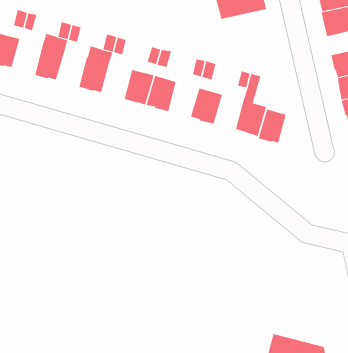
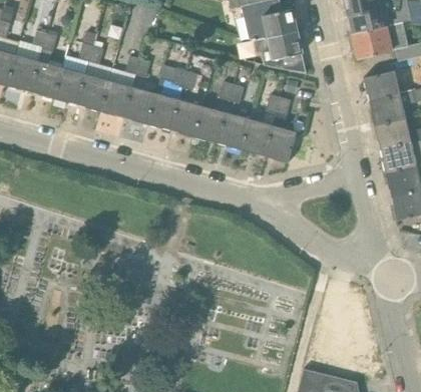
building: none -> [253,30,306,73]
building: none -> [31,61,62,99]
building: none -> [77,74,108,111]
building: none -> [124,87,155,124]
building: none -> [194,106,226,142]
building: [258,109,287,143] -> [242,119,272,155]

